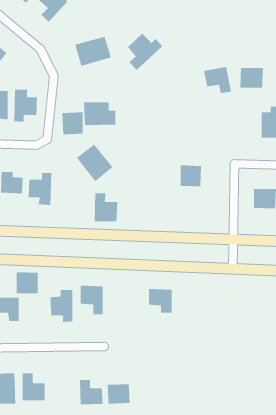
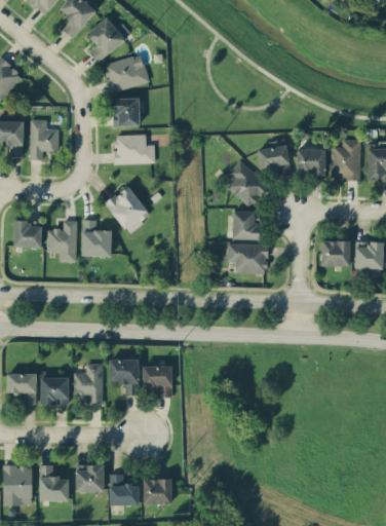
building: [127,33,163,71] -> [86,16,130,63]
building: [203,66,232,94] -> [257,144,292,178]
building: [239,67,264,88] -> [296,149,325,175]
building: [62,112,83,135] -> [112,98,139,126]
building: none -> [226,160,268,206]
building: none -> [227,243,267,273]
building: [94,193,118,222] -> [81,220,111,256]
building: [16,271,39,294] -> [40,377,68,405]
building: [148,288,173,314] -> [142,366,171,397]
building: none -> [75,464,104,492]

